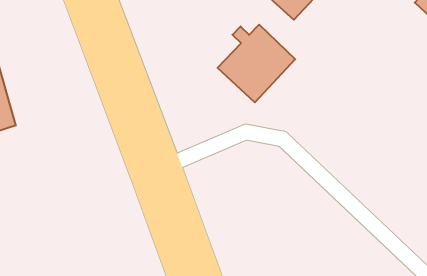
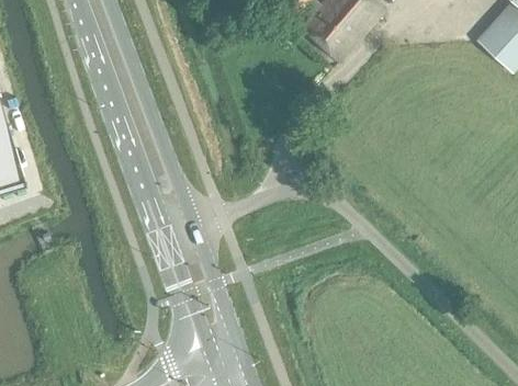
building: [218,25,295,102] -> none

